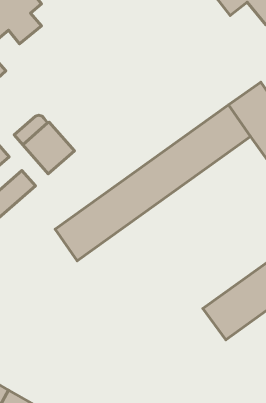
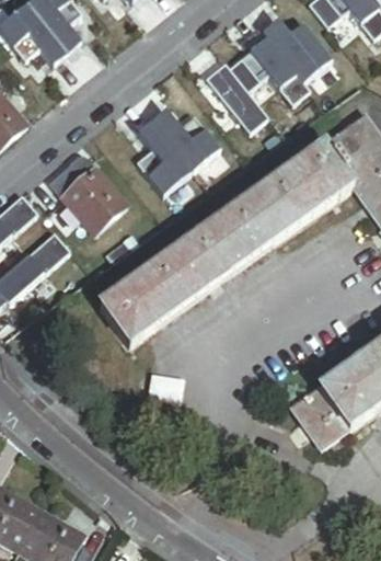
building: none -> [203,21,330,133]
building: none -> [134,110,217,194]

